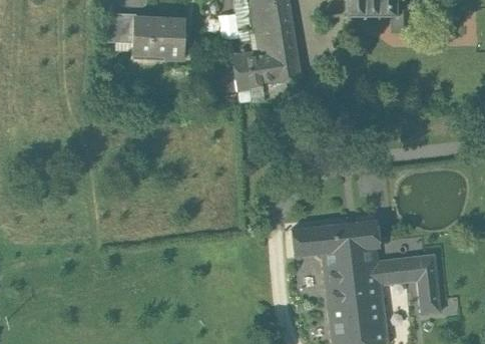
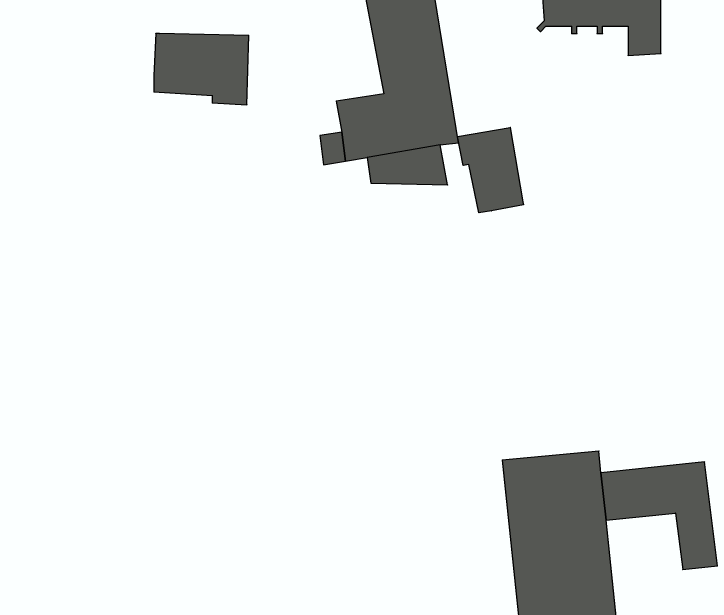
building: [104,13,135,42] -> none
building: none -> [457,127,523,213]
building: [293,221,380,257] -> none

